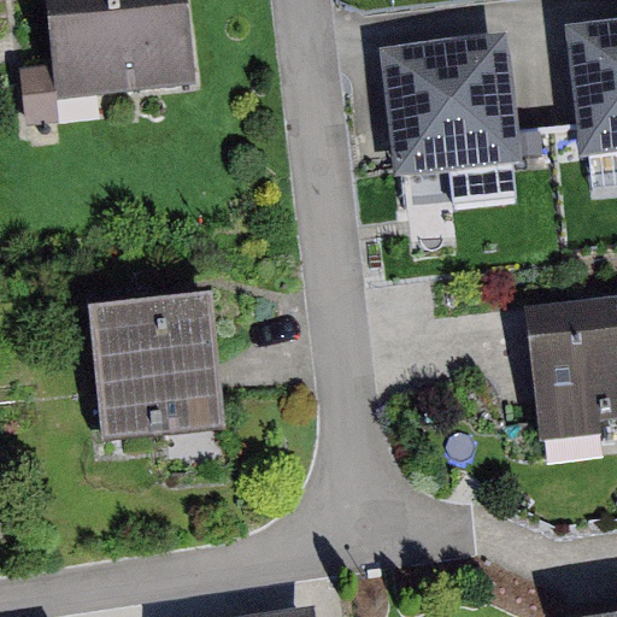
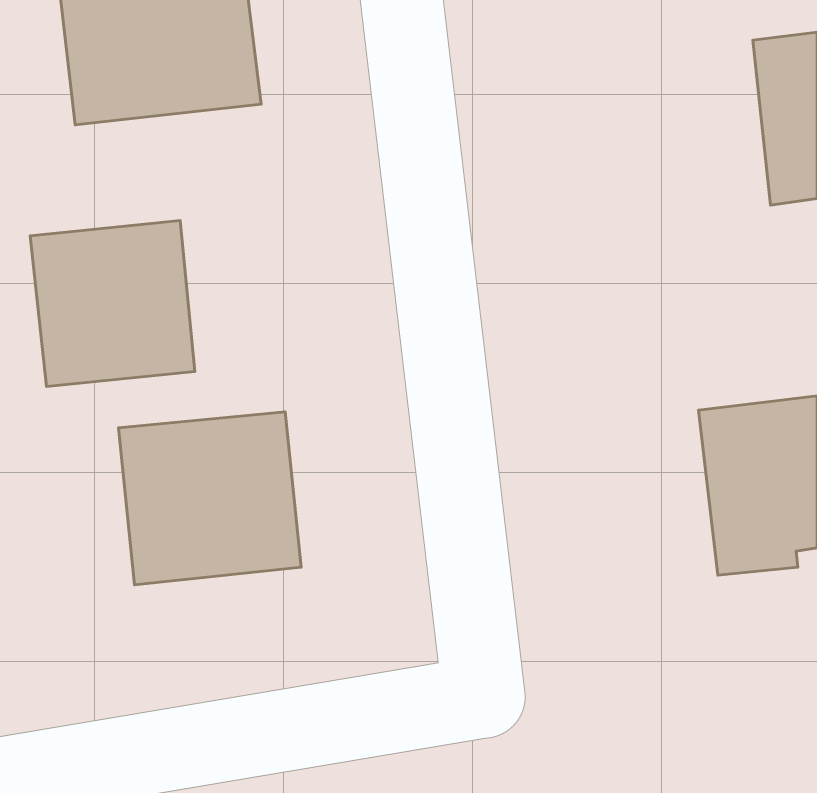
building: [380,40,522,172] -> none
building: none -> [30,220,195,387]

